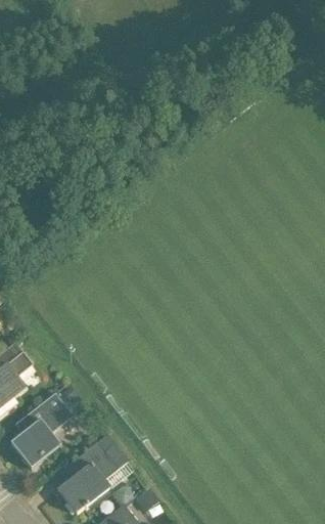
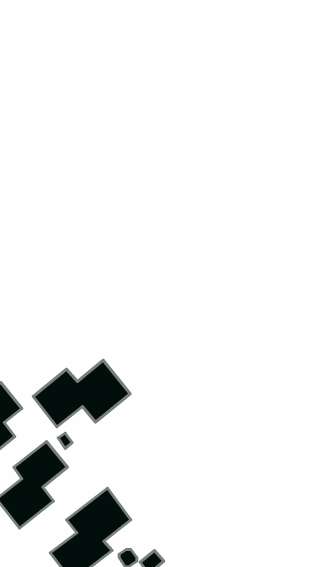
building: none -> [33,360,130,427]

